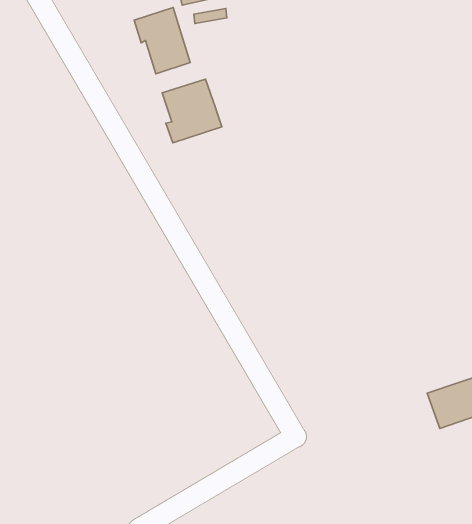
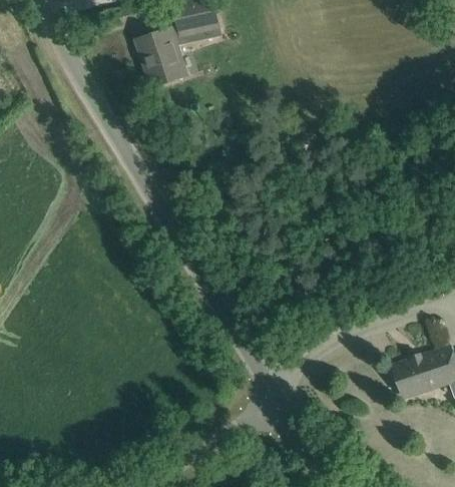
building: [162,79,222,143] -> none

